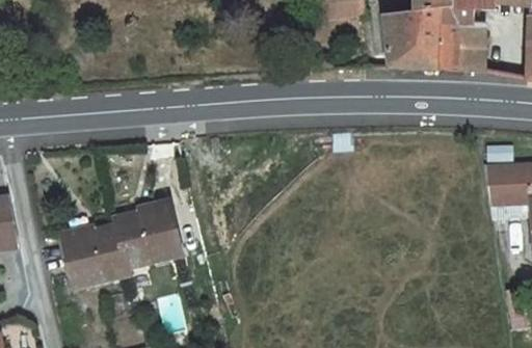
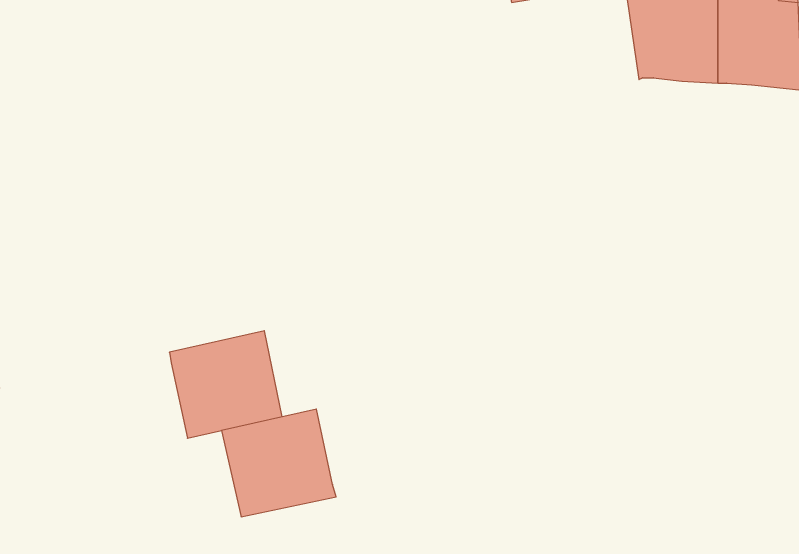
building: [62,225,129,288] -> [221,409,336,517]

